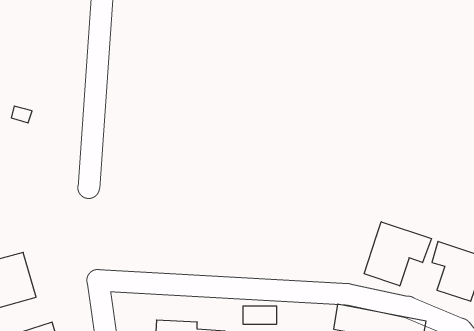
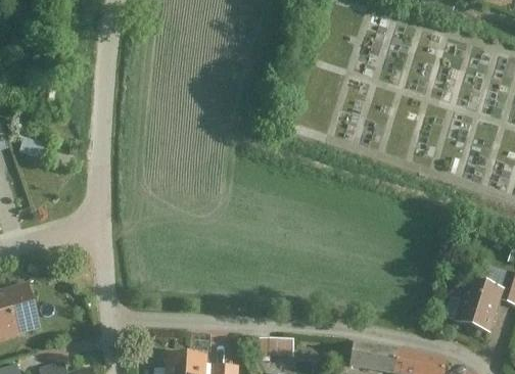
building: [364,222,432,286] -> none

